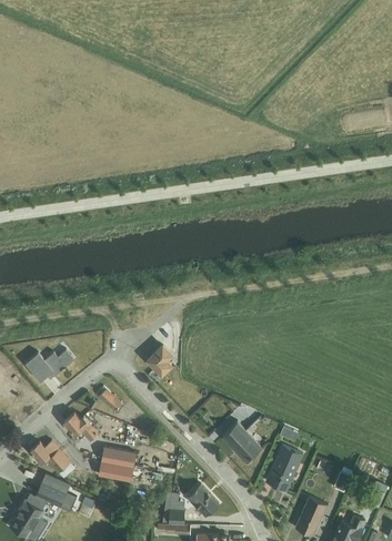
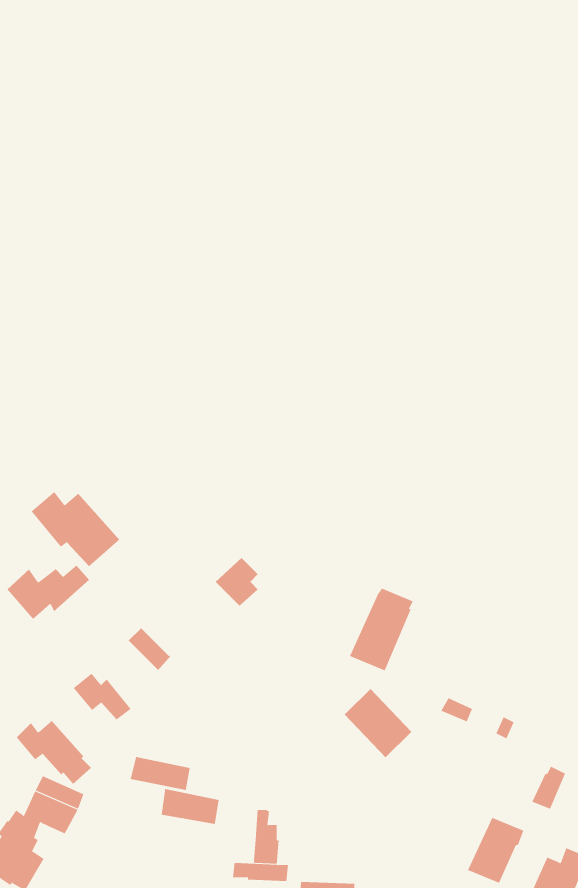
building: none -> [31,491,120,567]
building: [265,441,303,490] -> [349,588,414,671]
building: [101,446,135,467] -> [161,788,219,824]
building: [185,483,219,517] -> none

